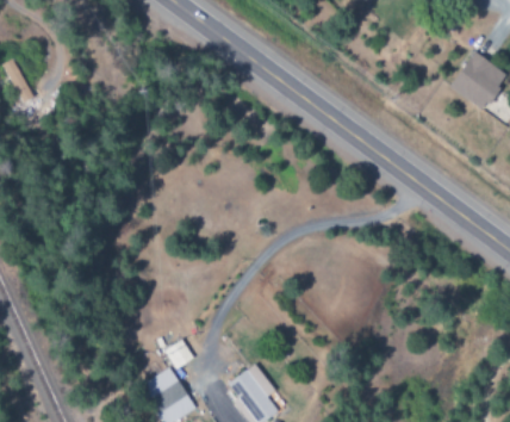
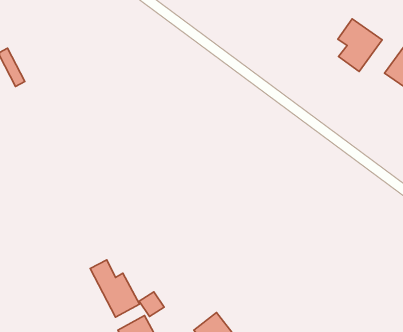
building: none -> [338,19,382,71]
building: none -> [90,260,139,317]

